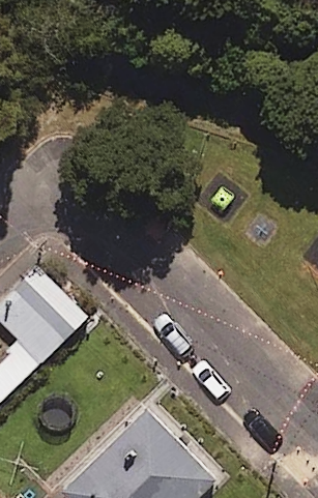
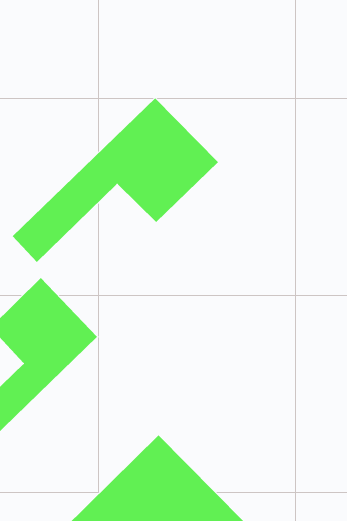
building: none -> [12,97,219,263]

